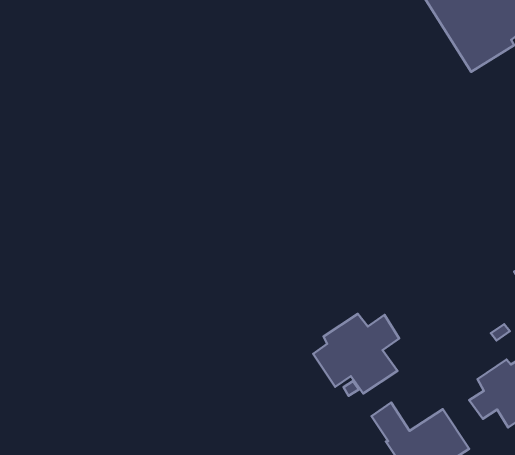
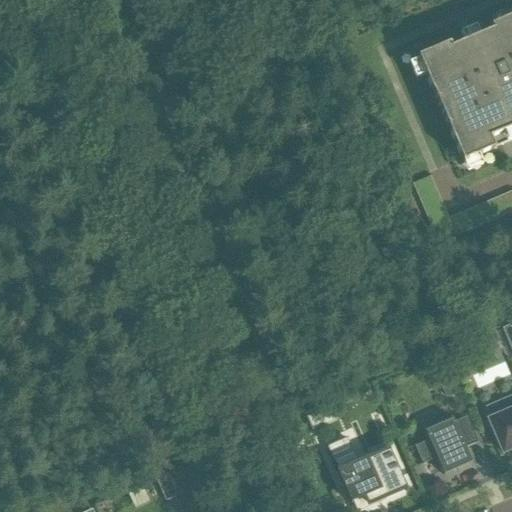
building: [313,314,399,394] -> none

